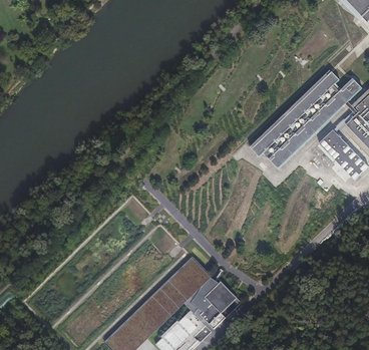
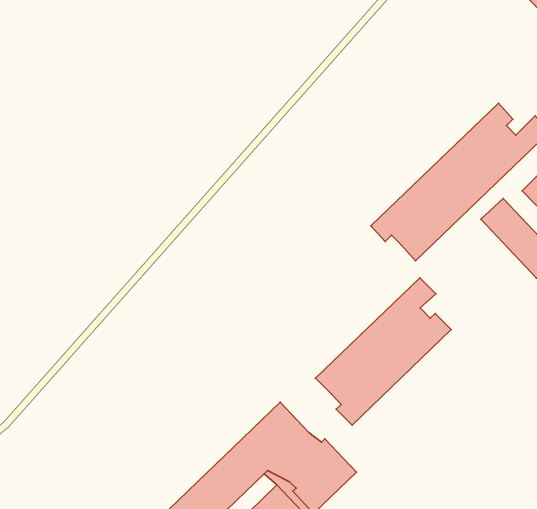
building: none -> [315,278,451,425]

